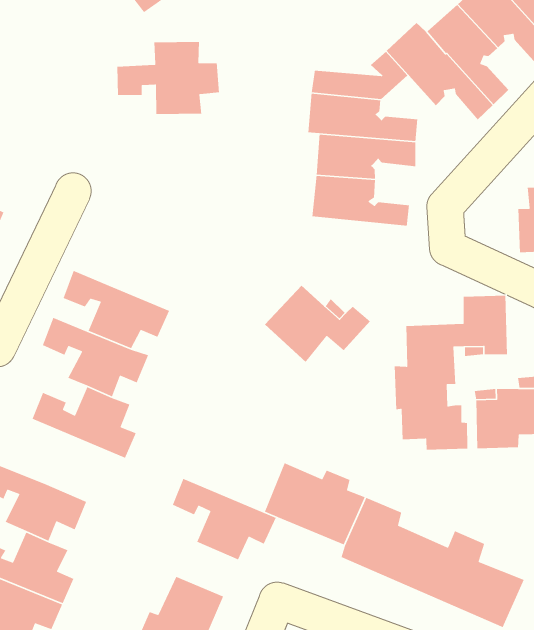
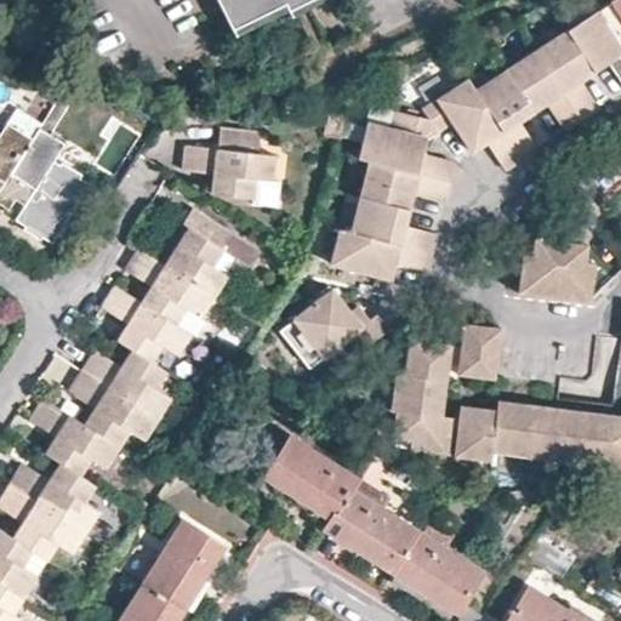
building: [117,41,220,115] -> [182,137,273,206]
building: none -> [329,230,431,283]
building: none -> [166,218,249,294]
building: [172,478,277,560] -> [67,368,155,446]

